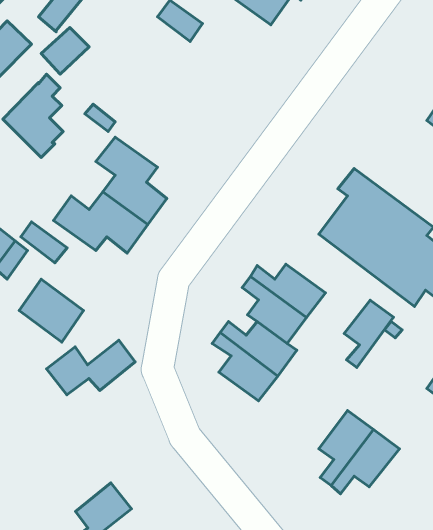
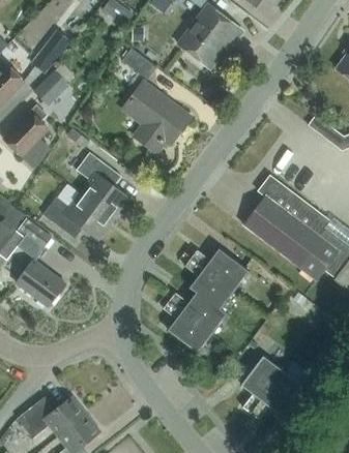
building: none -> [123,83,190,151]
building: [344,300,394,367] -> none
building: [46,340,135,395] -> [19,397,86,439]

